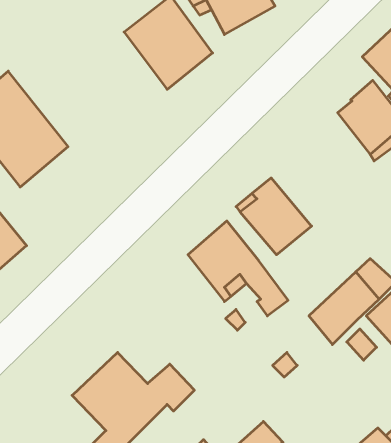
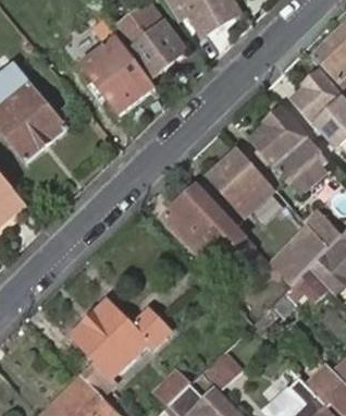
building: none -> [67,16,155,109]
building: none -> [249,108,322,185]

